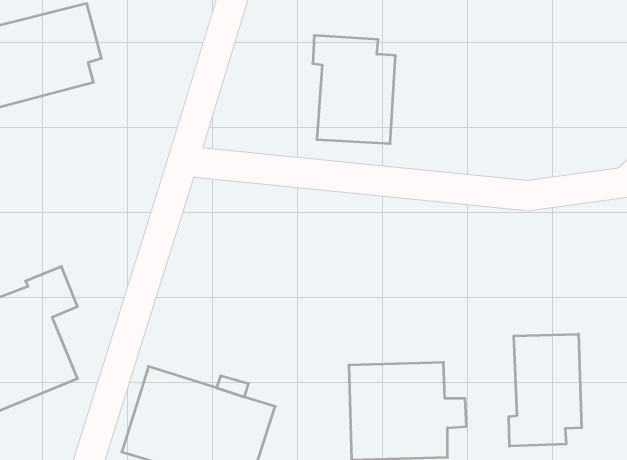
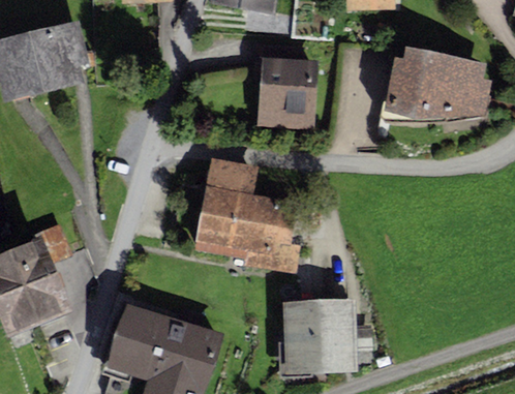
building: none -> [383,46,491,117]
building: none -> [194,157,302,274]
building: [509,334,582,446] -> none

